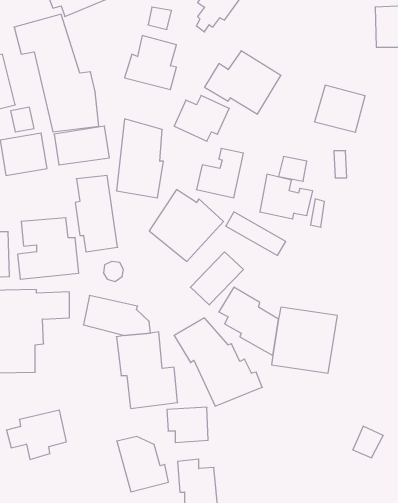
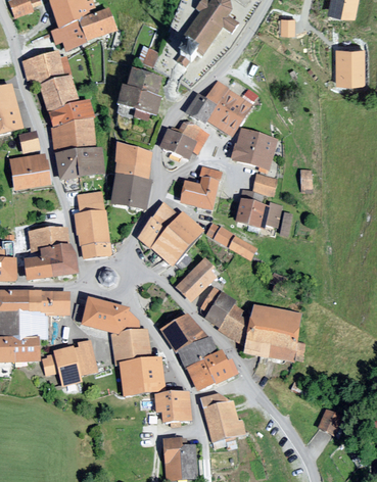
building: [314,85,365,132] -> [232,129,276,170]
building: [6,410,66,459] -> [42,338,94,381]
building: [117,436,168,492] -> [199,393,244,441]

